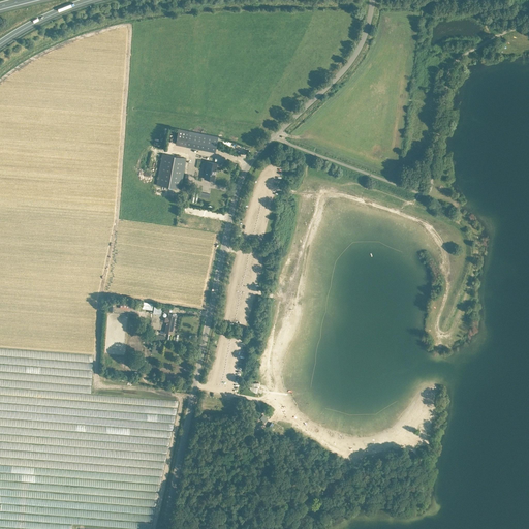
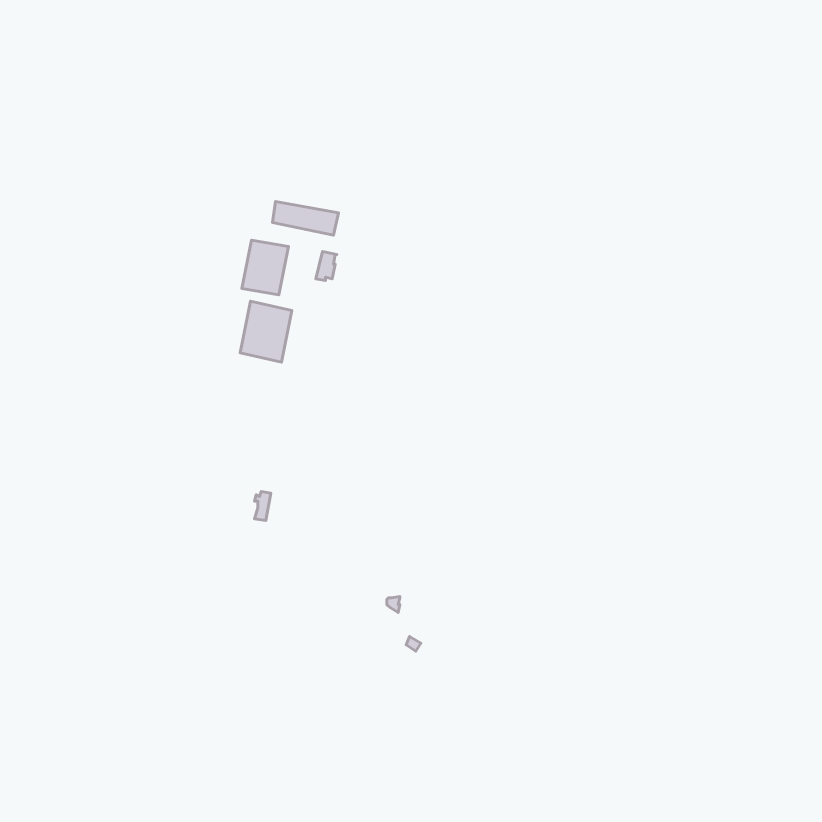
building: none -> [240,301,292,362]

